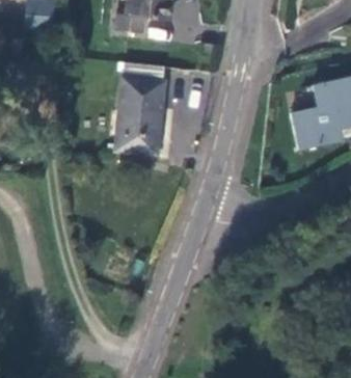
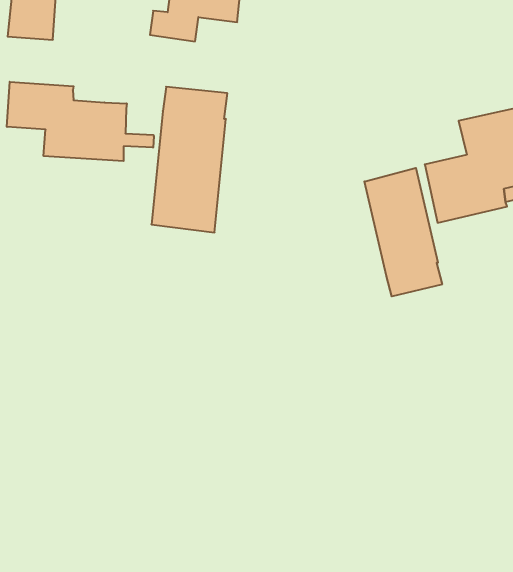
building: none -> [7,82,154,161]
building: none -> [364,168,442,296]

